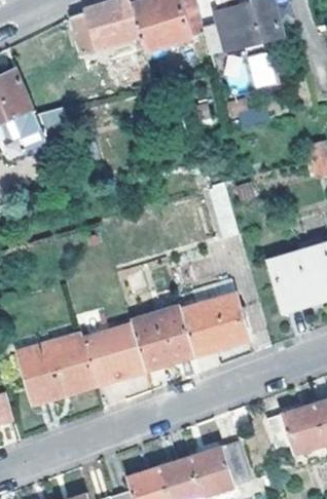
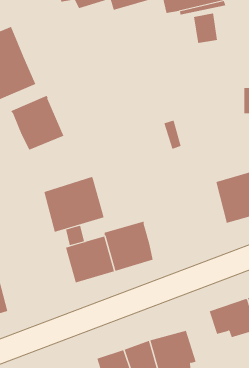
building: none -> [10,95,64,151]
building: [183,296,249,356] -> none
building: [21,334,97,404] -> [43,176,105,232]

